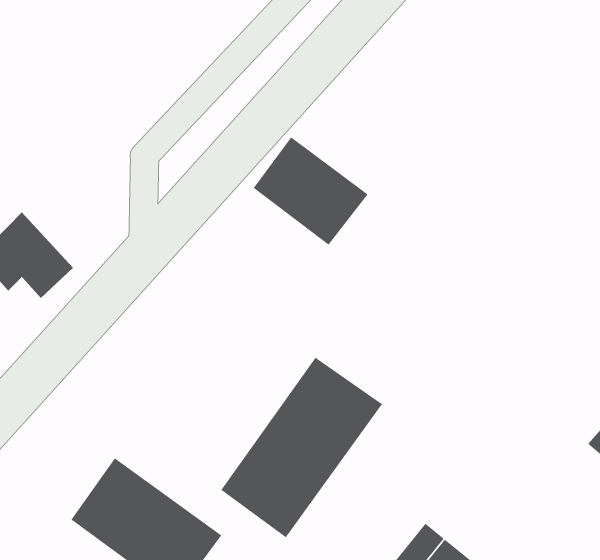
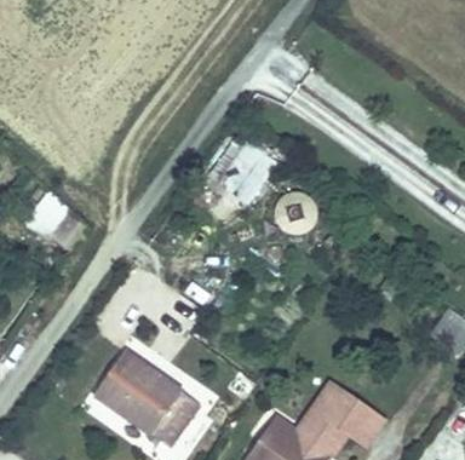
building: [221,357,383,538] -> none

